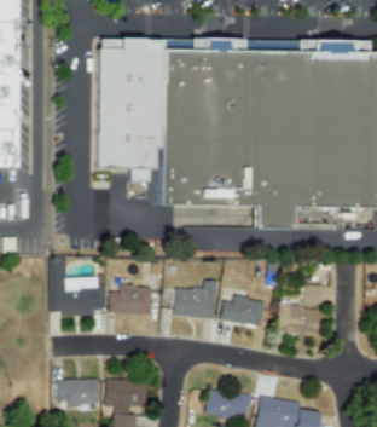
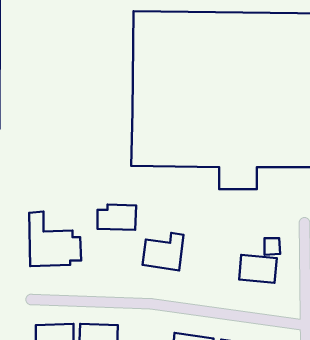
building: [98,39,163,183] -> none
building: [109,285,151,313] -> [97,204,136,230]
building: [220,296,265,327] -> none

